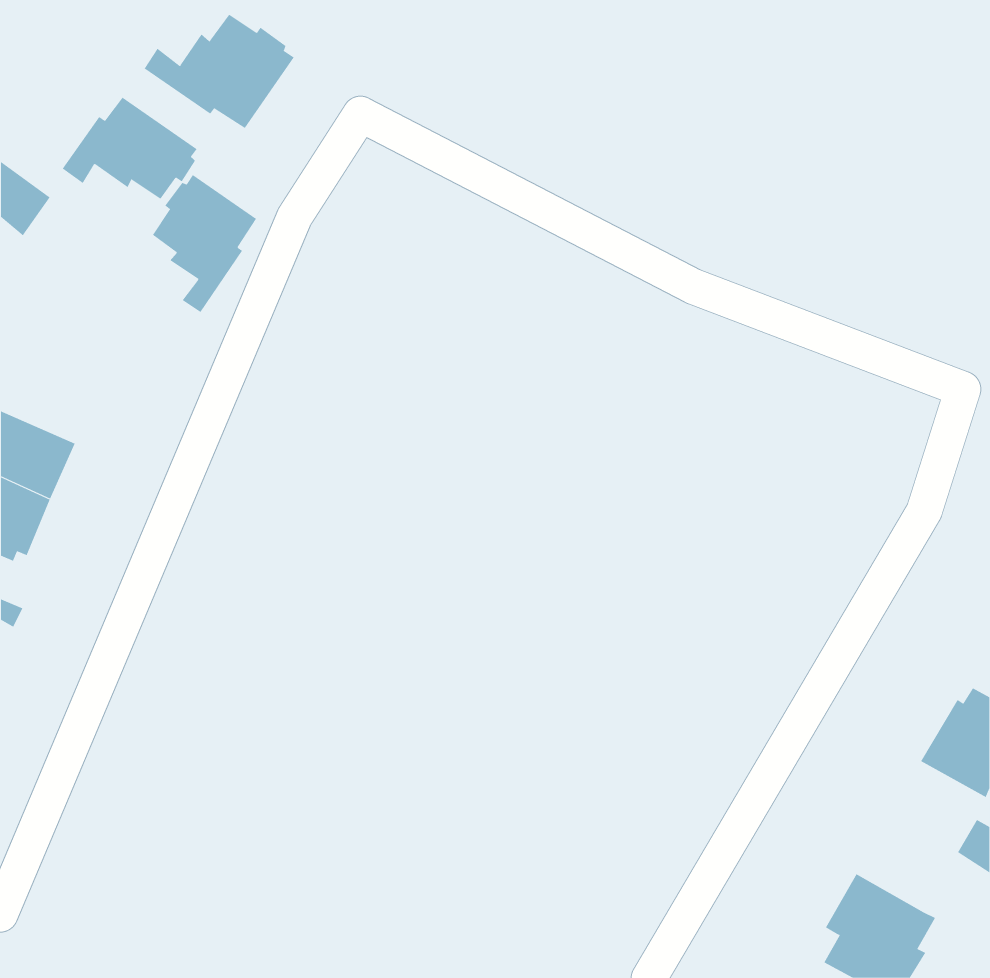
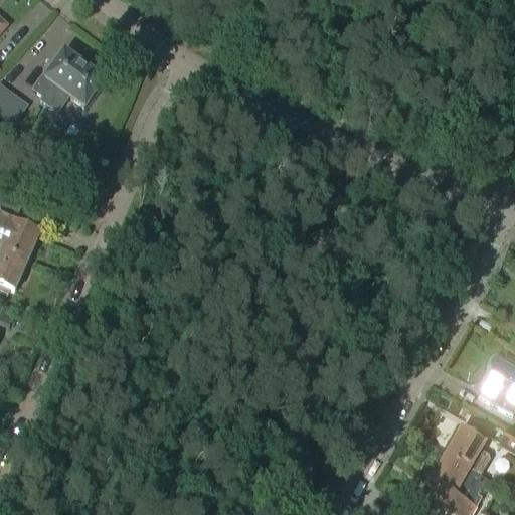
building: [144,14,295,129] -> none
building: [152,174,257,313] -> none
building: none -> [445,422,490,474]

